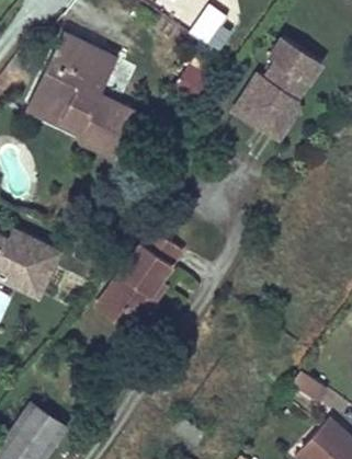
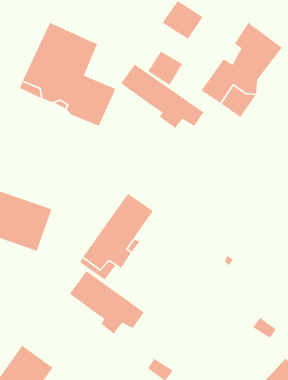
building: none -> [120,64,204,129]
building: none -> [69,270,145,335]

